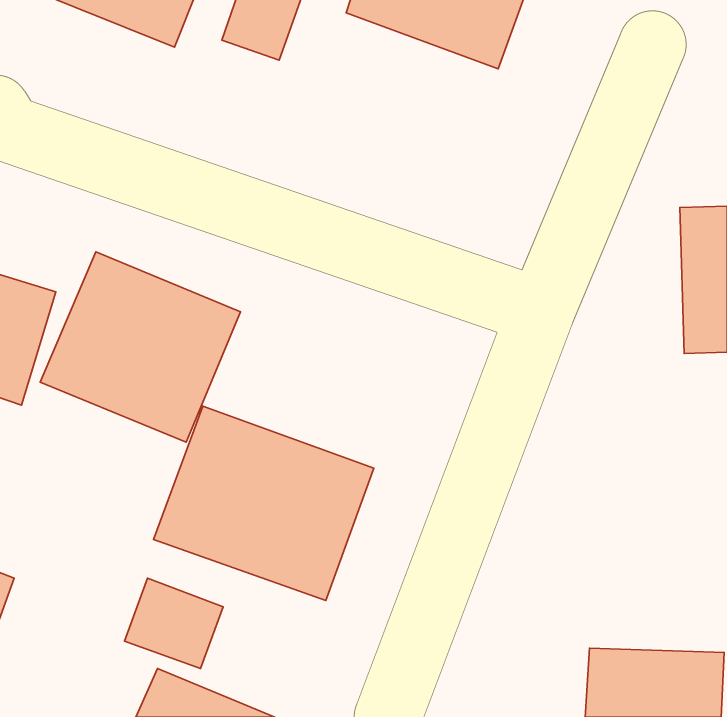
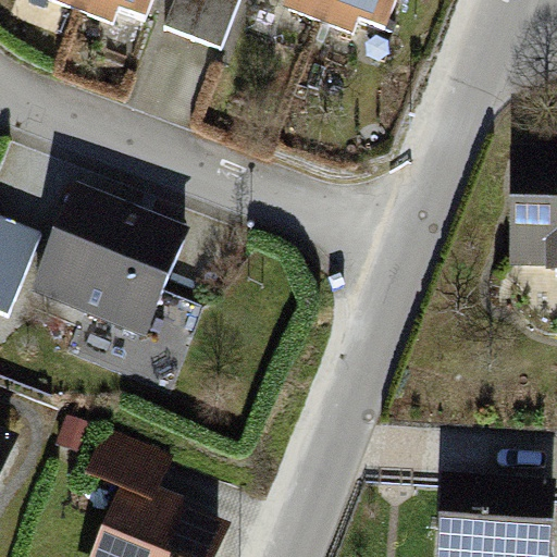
building: [153,406,374,601] -> none

